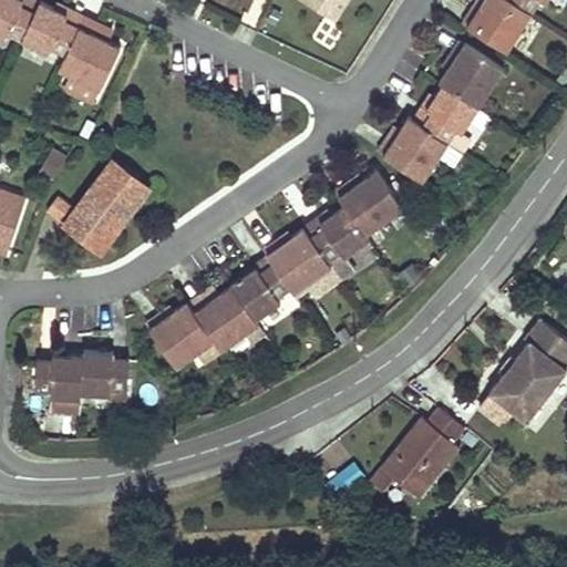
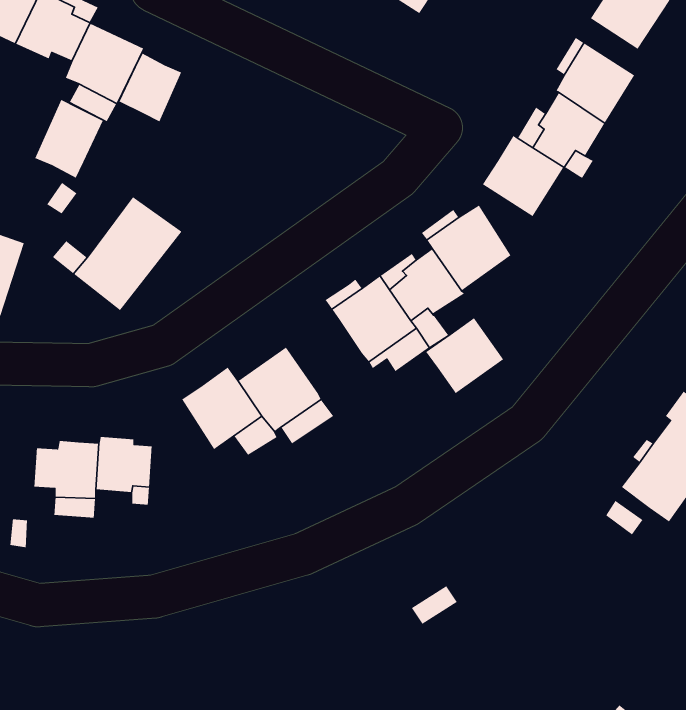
building: none -> [118,53,182,122]
building: none -> [34,99,104,179]
building: none -> [425,317,504,394]
building: [229,260,288,318] -> none
building: [370,409,465,499] -> none

